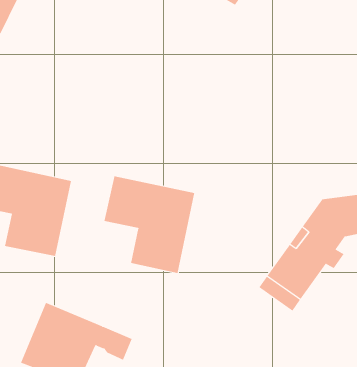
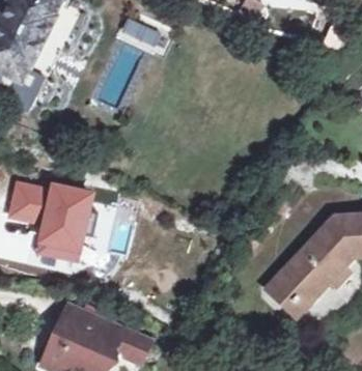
building: [104,175,195,274] -> none

